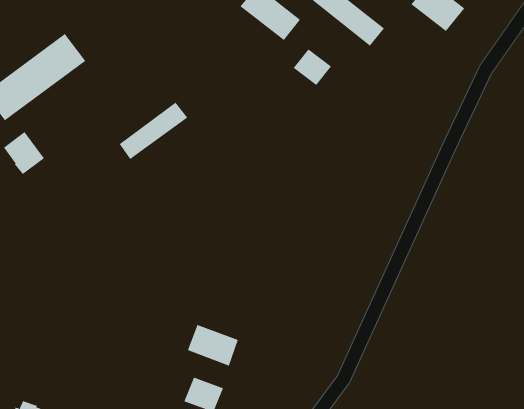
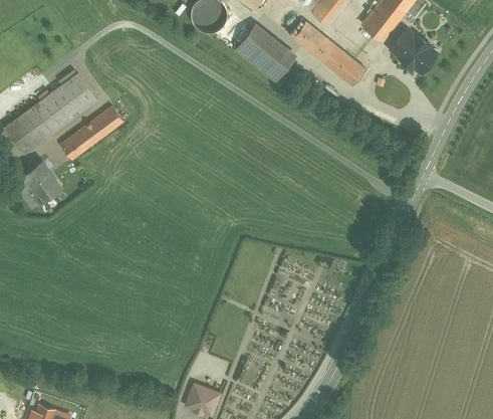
building: [293,49,332,86] -> none
building: [119,102,188,160] -> [61,107,124,159]
building: [187,324,239,367] -> none

